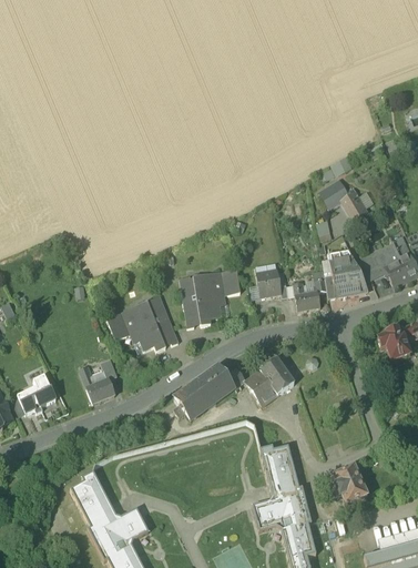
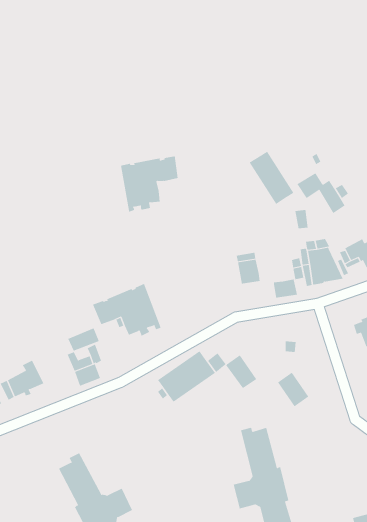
building: none -> [249,151,294,205]
building: [180,268,241,327] -> [120,156,179,212]
building: none -> [67,328,99,352]
building: [261,358,294,395] -> [277,372,309,407]
building: [333,467,367,506] -> none

